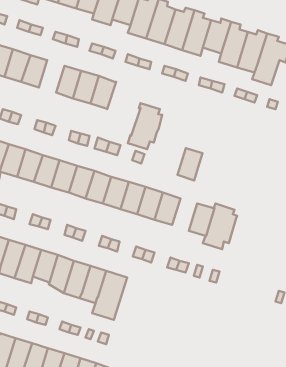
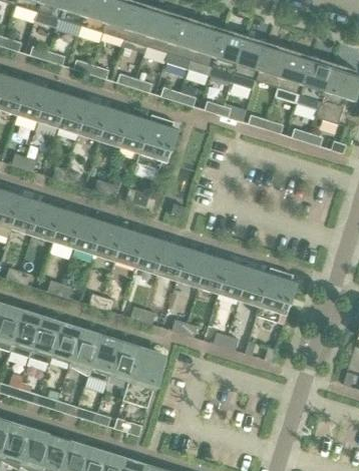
building: none -> [58,94,89,133]
building: [128,103,162,149] -> [136,114,177,169]
building: [177,148,202,181] -> [219,261,249,300]

